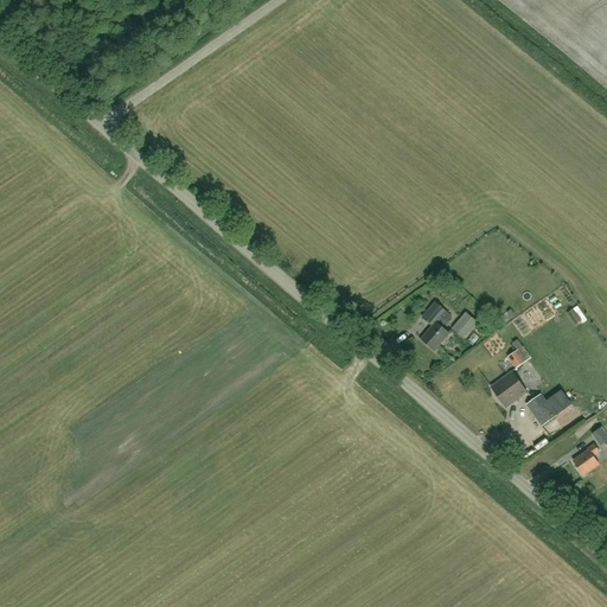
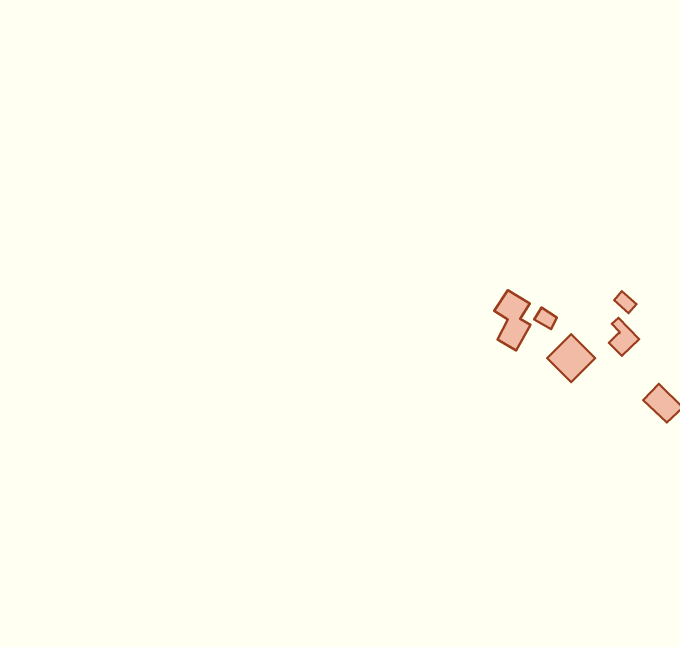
building: [491,370,528,407] -> [547,334,595,382]

